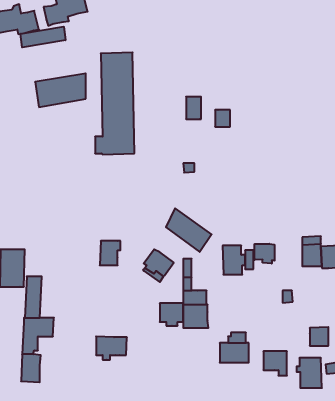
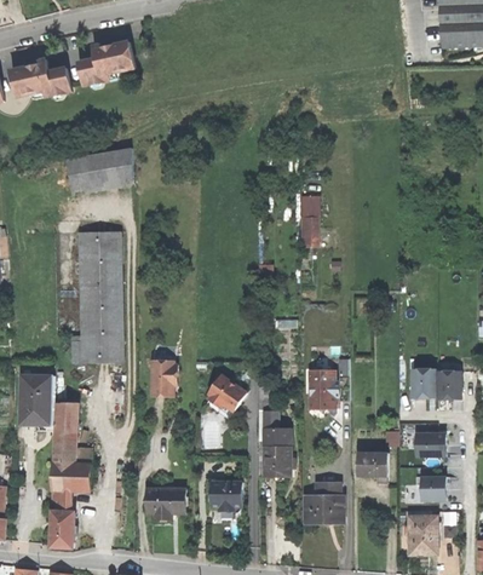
building: [20,27,65,47] -> none
building: [95,52,134,154] -> [71,231,122,363]
building: [186,97,201,119] -> [299,217,318,246]
building: [166,208,212,252] -> none
building: [255,244,275,264] -> none
building: none -> [415,433,445,455]
building: [160,303,183,326] -> [211,482,241,511]
building: [263,351,287,376] -> [357,452,387,483]

